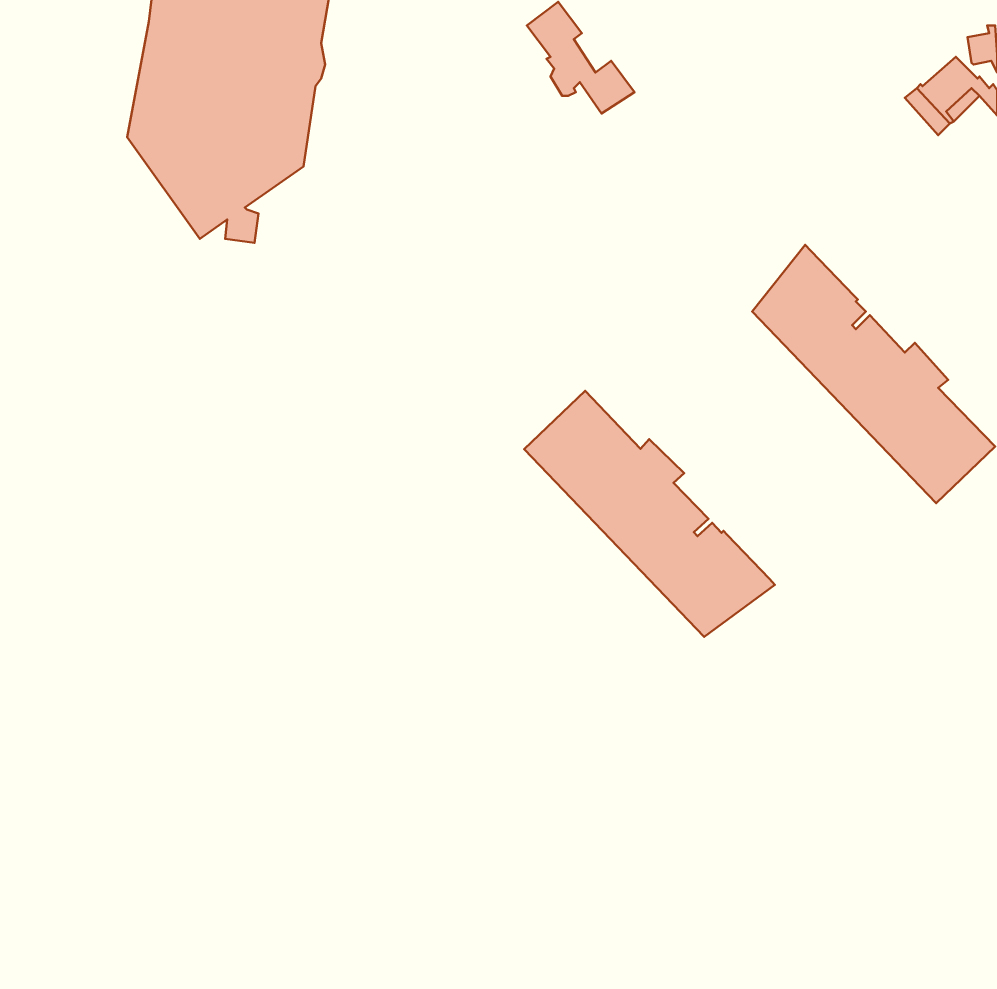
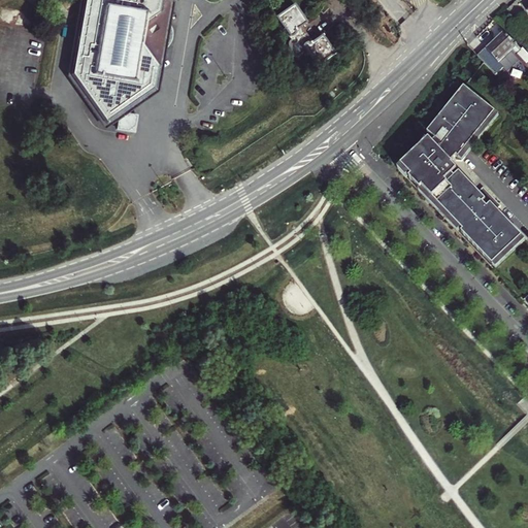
building: none -> [426,82,496,156]
building: [524,391,775,637] -> none

